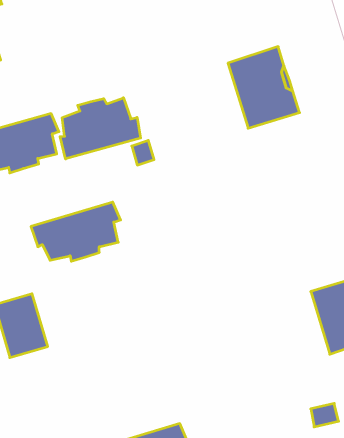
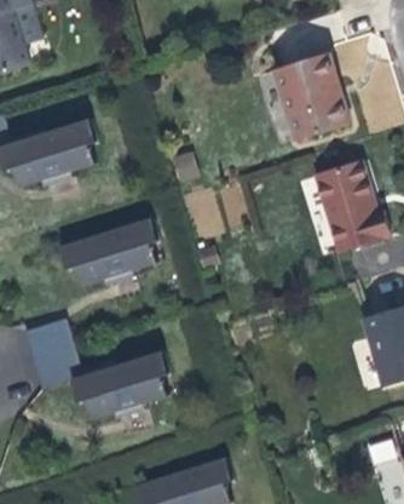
building: [60,98,141,159] -> none
building: none -> [318,161,392,248]
building: none -> [71,353,168,417]

